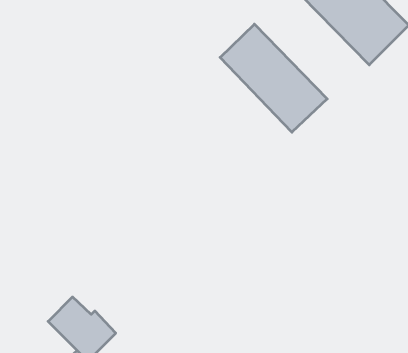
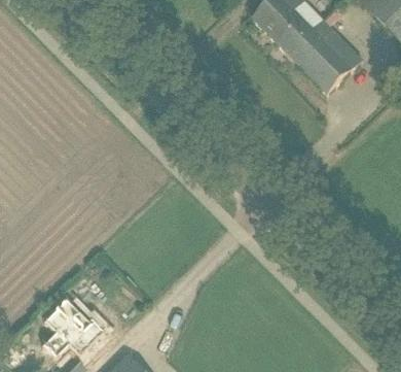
building: [220,24,327,132] -> none

